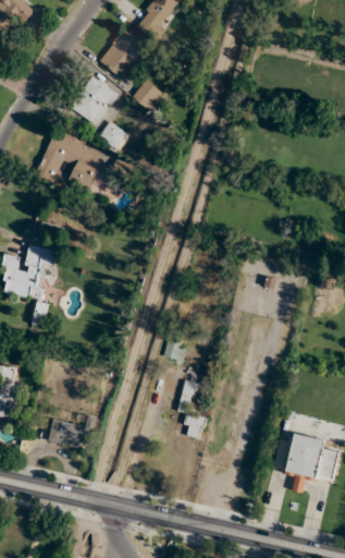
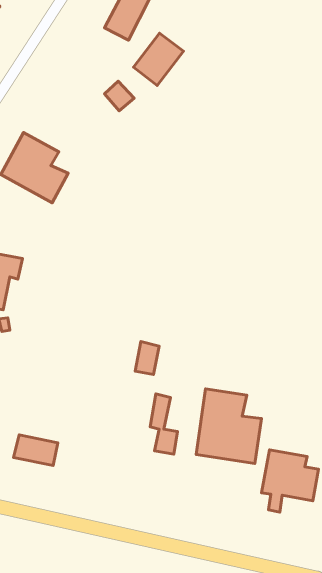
building: [98,28,146,78] -> [133,33,183,85]
building: [70,75,120,126] -> none
building: [99,122,128,149] -> none
building: none -> [196,389,261,463]

